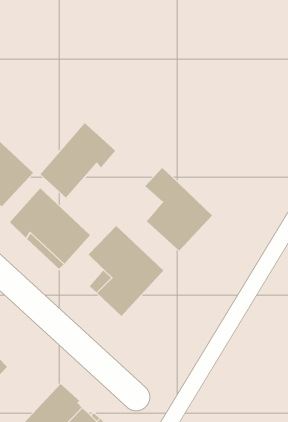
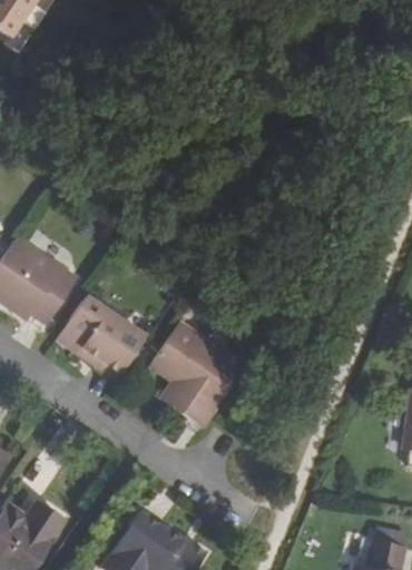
building: [39,122,116,198] -> none
building: [145,167,213,252] -> none

